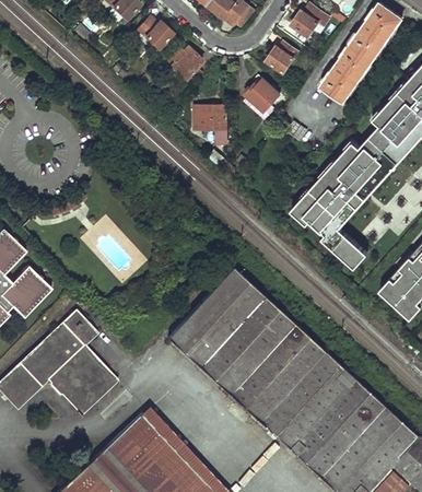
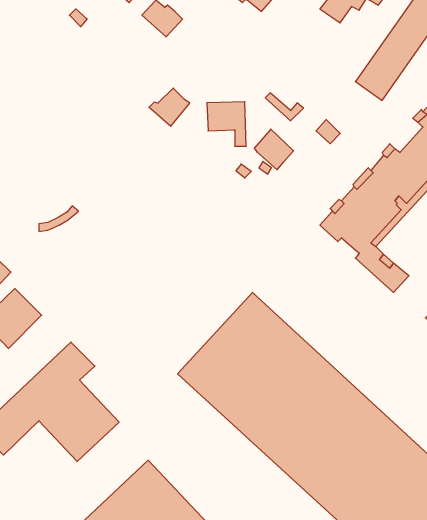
building: [267,42,298,72] -> none
building: [167,46,202,79] -> [149,88,190,126]
building: [246,77,280,112] -> [254,129,294,170]

